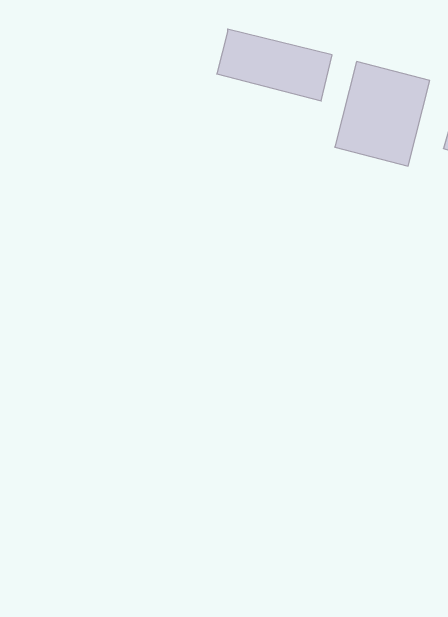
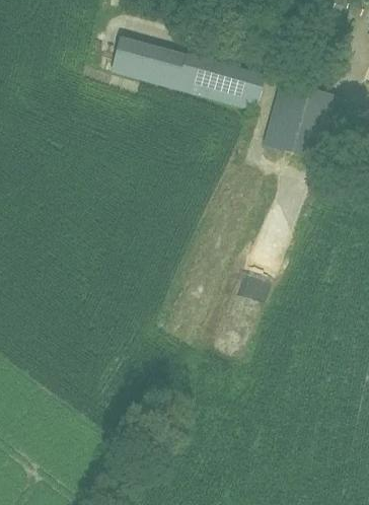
building: none -> [110,39,186,87]

